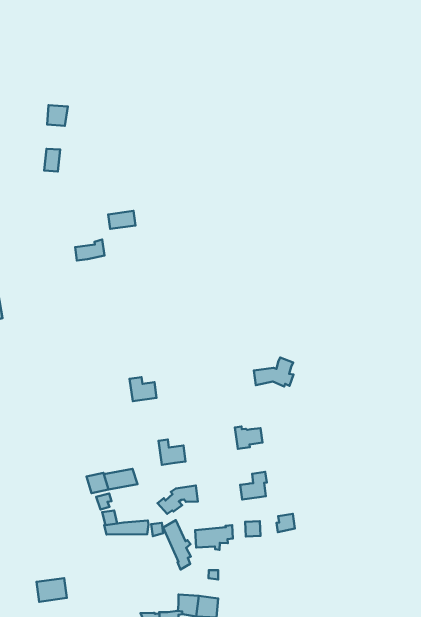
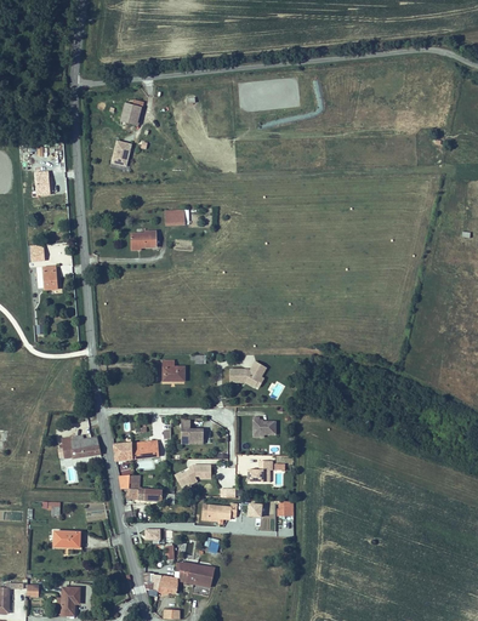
building: [254,357,293,387] -> [229,361,266,388]
building: none -> [58,437,99,457]
building: [163,520,191,570] -> none

